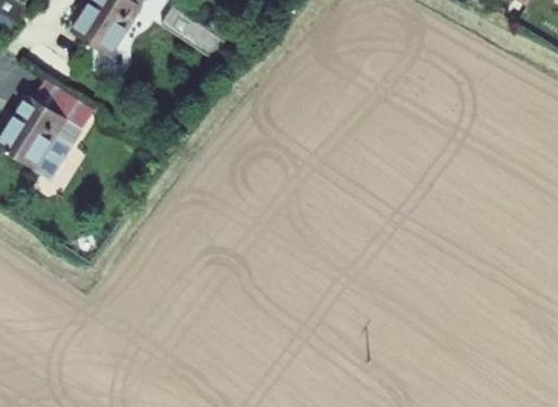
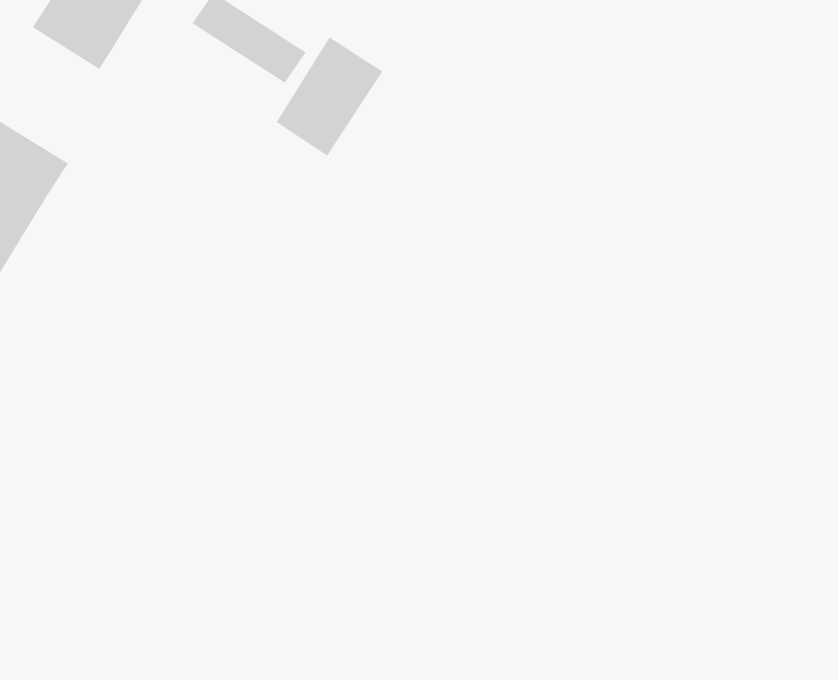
building: none -> [276,37,383,157]

